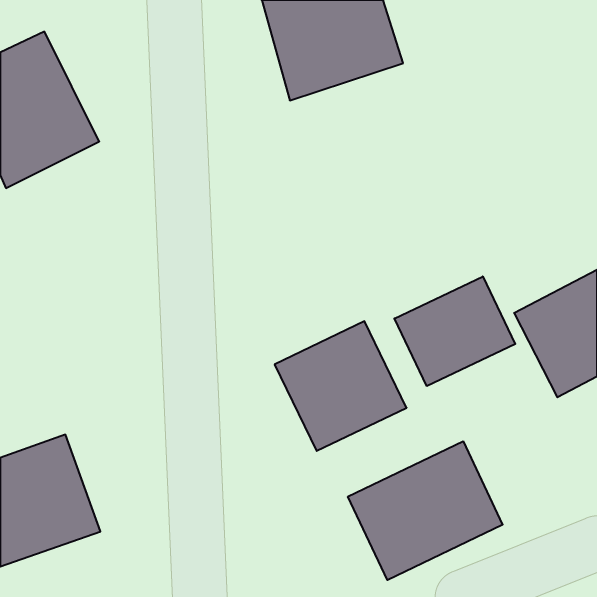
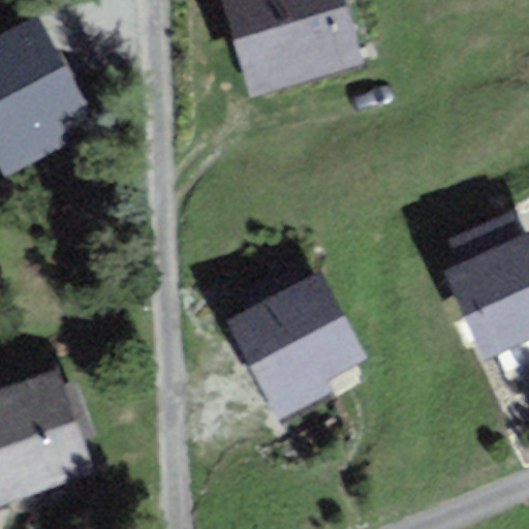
building: [394,276,515,386] -> none
building: [348,441,503,580] -> none

